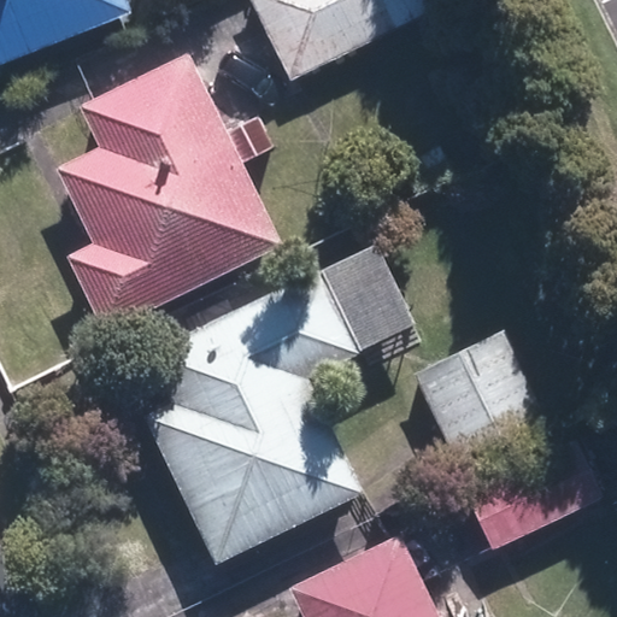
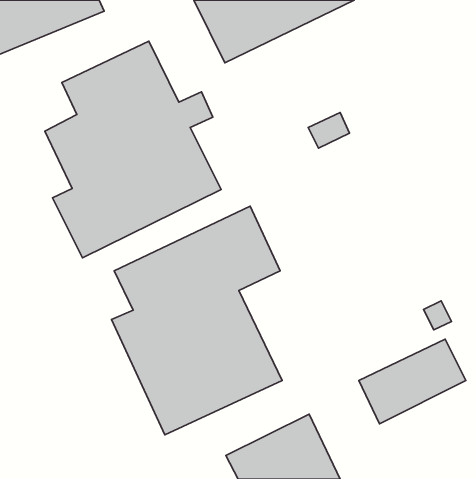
building: [412,329,541,460] -> none

